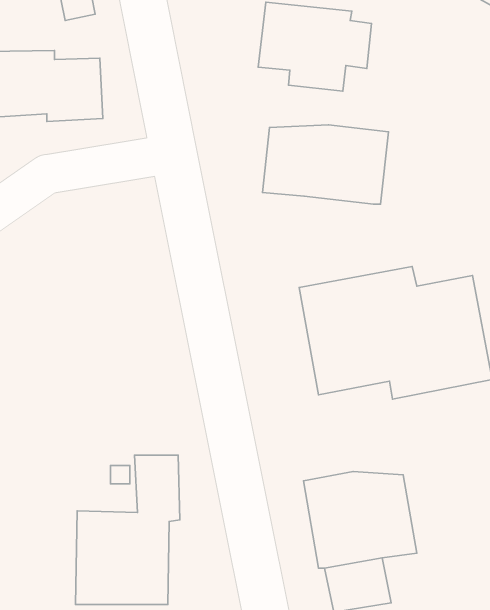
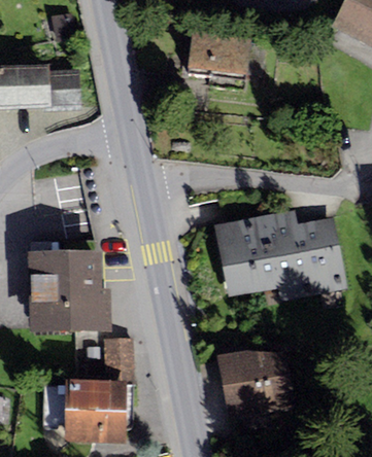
building: [262,125,389,204] -> none
building: none -> [26,249,110,331]

